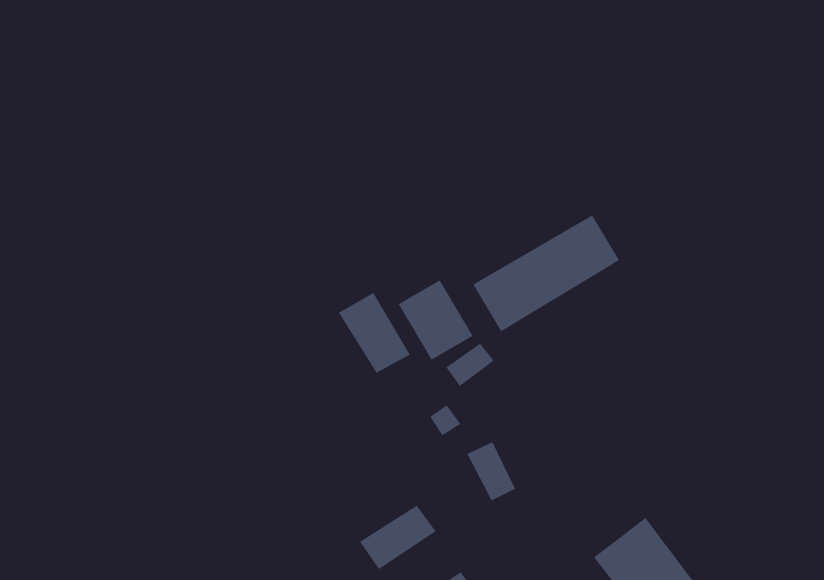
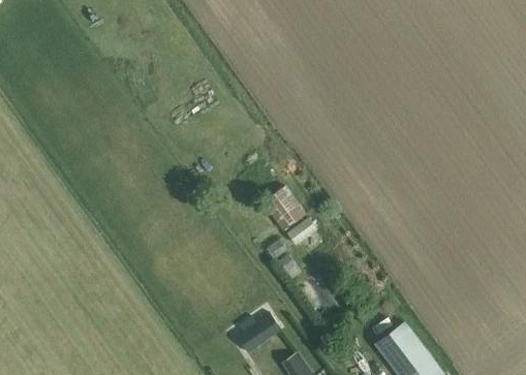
building: [473,214,620,332] -> none
building: [338,292,411,373] -> none

